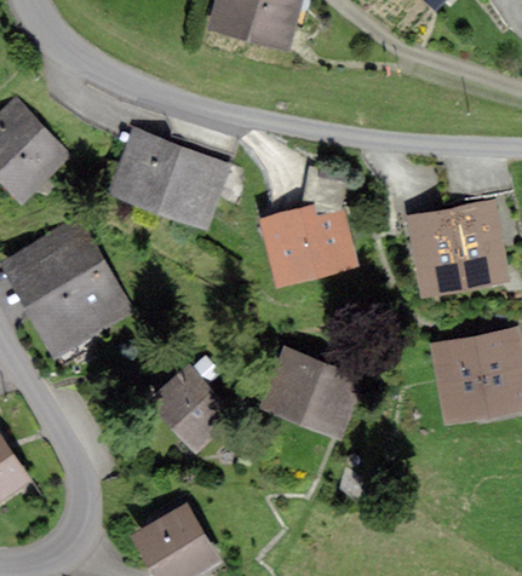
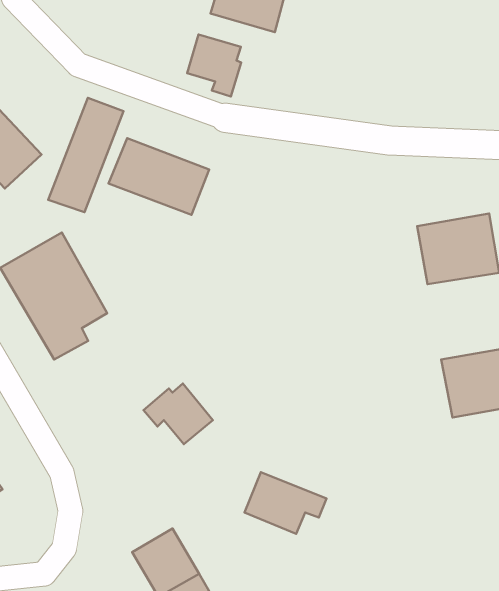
building: none -> [187,35,241,96]
building: none -> [48,98,123,212]
building: [270,166,344,270] -> none
building: [270,358,349,417] -> [245,472,327,534]

